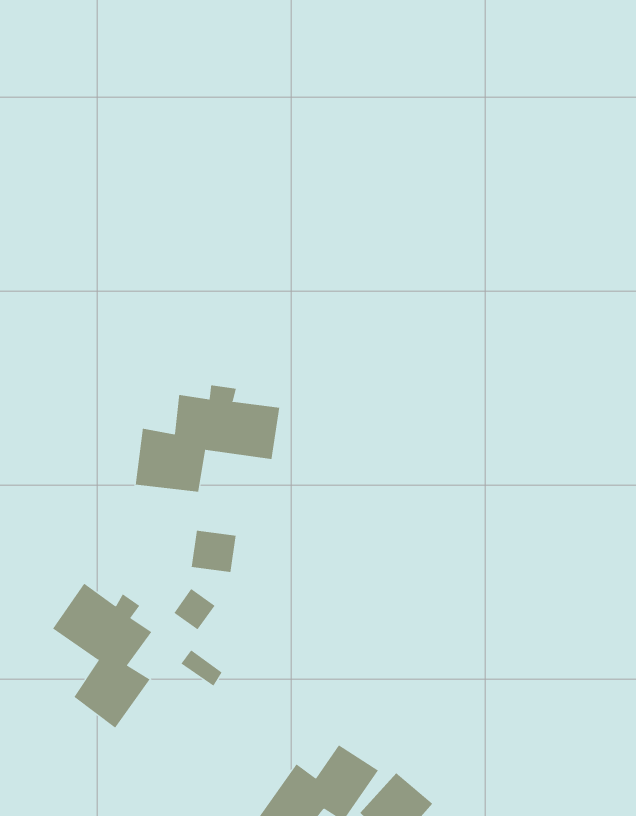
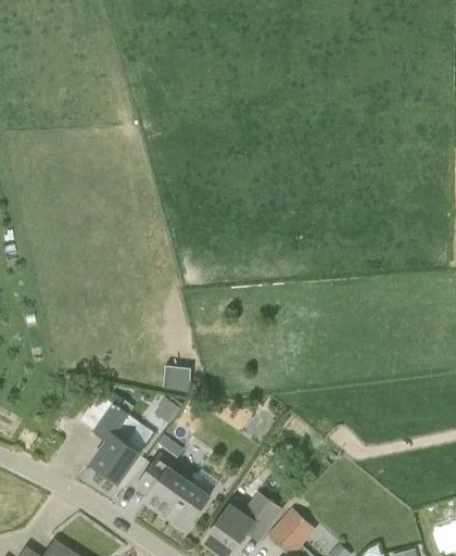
building: [135,384,280,492] -> none
building: none -> [136,454,208,530]

